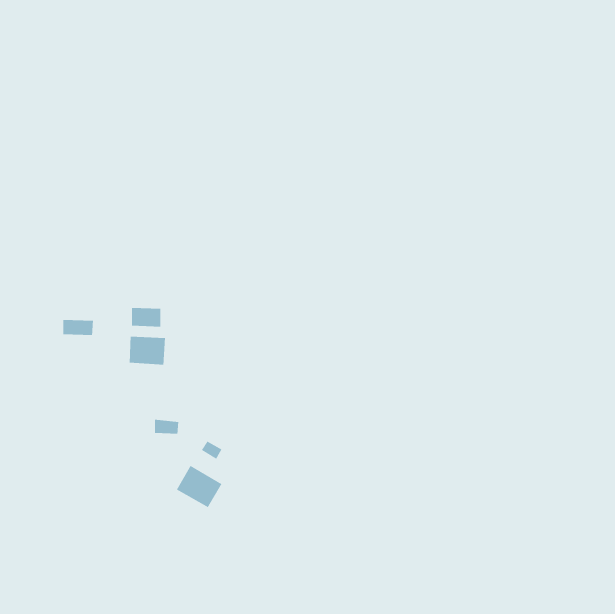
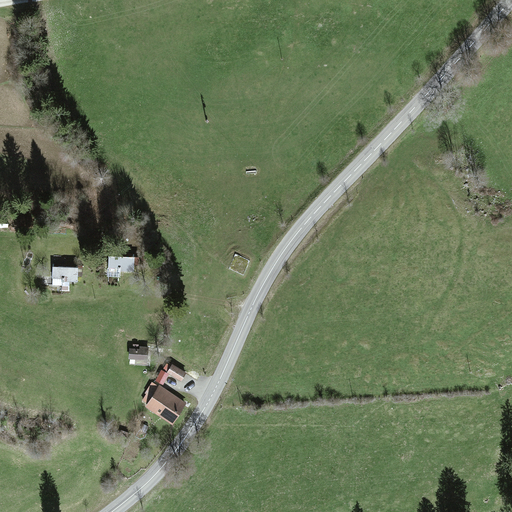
building: [129,336,166,366] -> none

